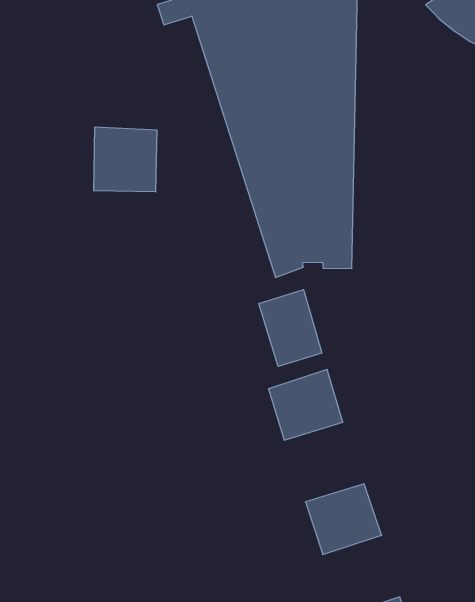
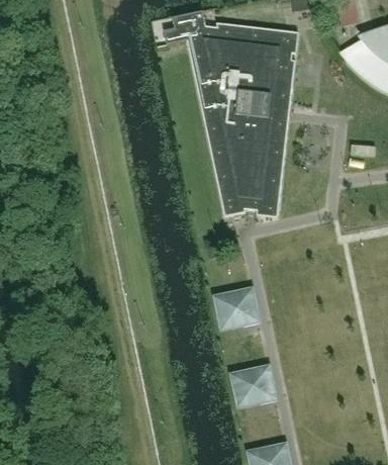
building: [94,127,157,192] -> none
building: [259,290,322,366] -> none

